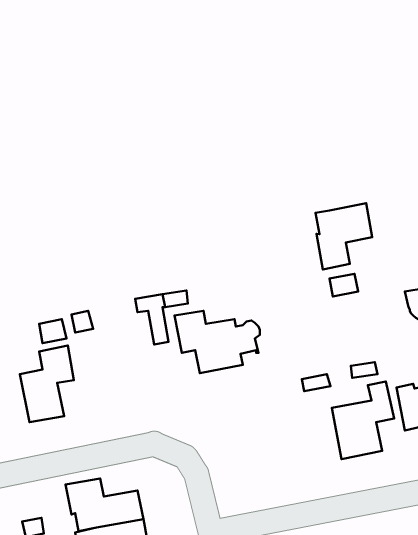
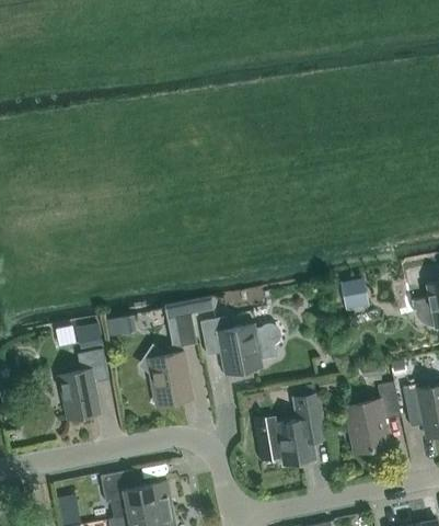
building: [316,203,372,270] -> none
building: none -> [141,348,192,403]
building: none -> [252,393,325,466]

